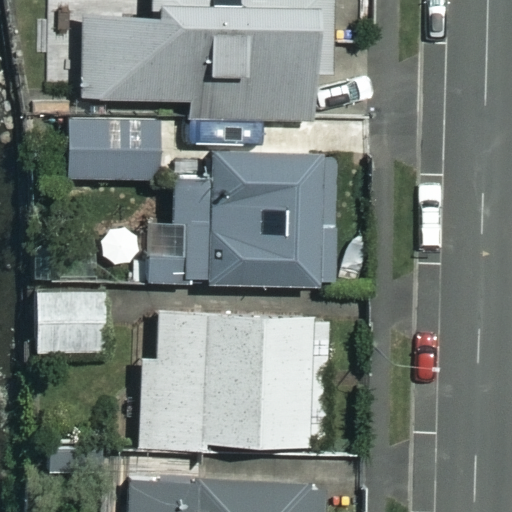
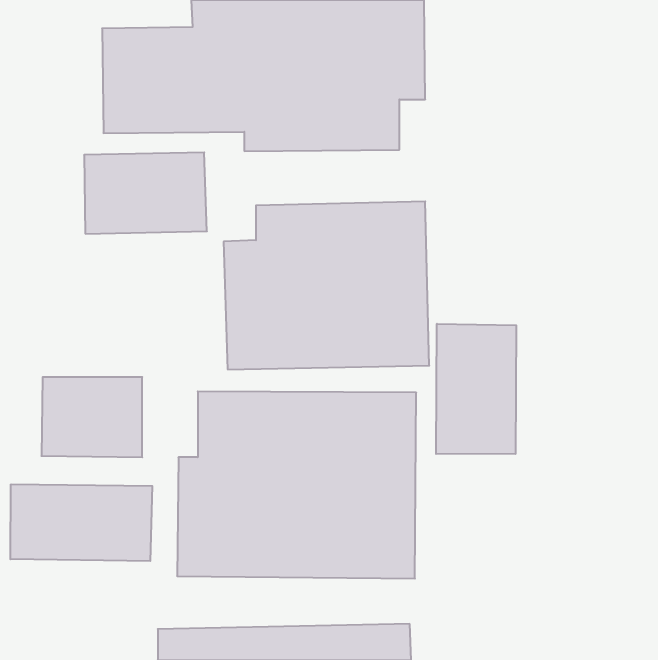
building: none -> [436,324,516,454]
building: none -> [10,484,152,561]

